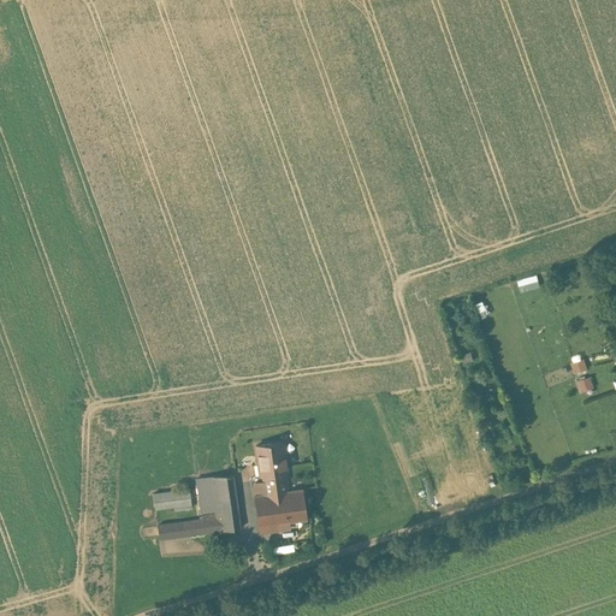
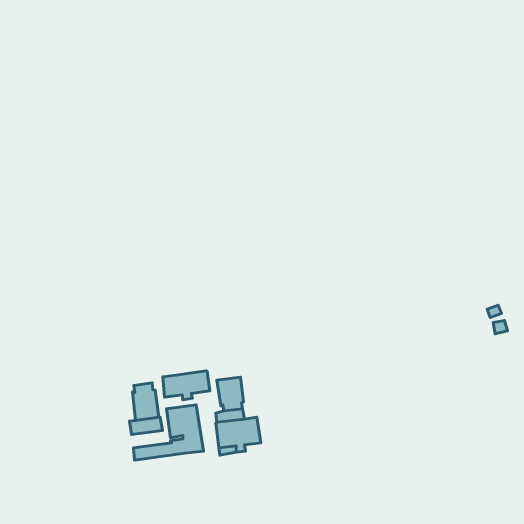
building: none -> [163,371,210,400]
building: none -> [132,383,159,420]

